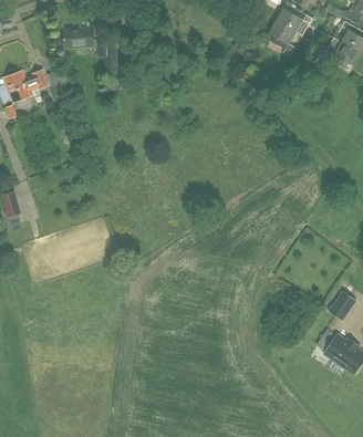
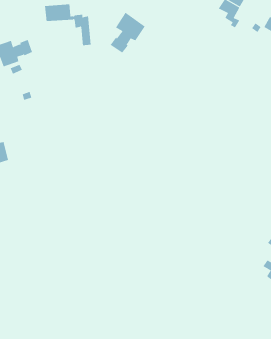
building: none -> [110,12,146,54]

